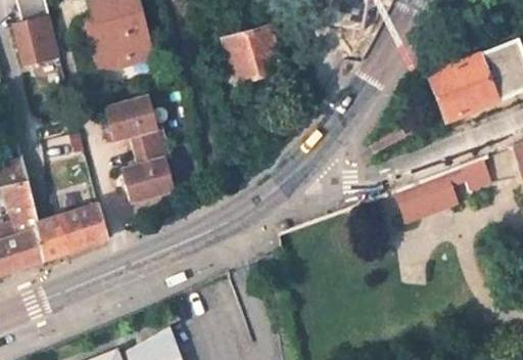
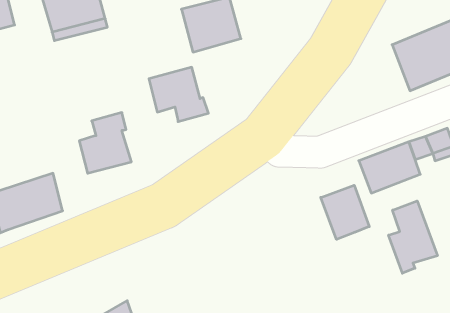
building: [105,97,163,150] -> [149,67,208,122]
building: none -> [321,185,369,239]
building: none -> [389,201,437,273]

